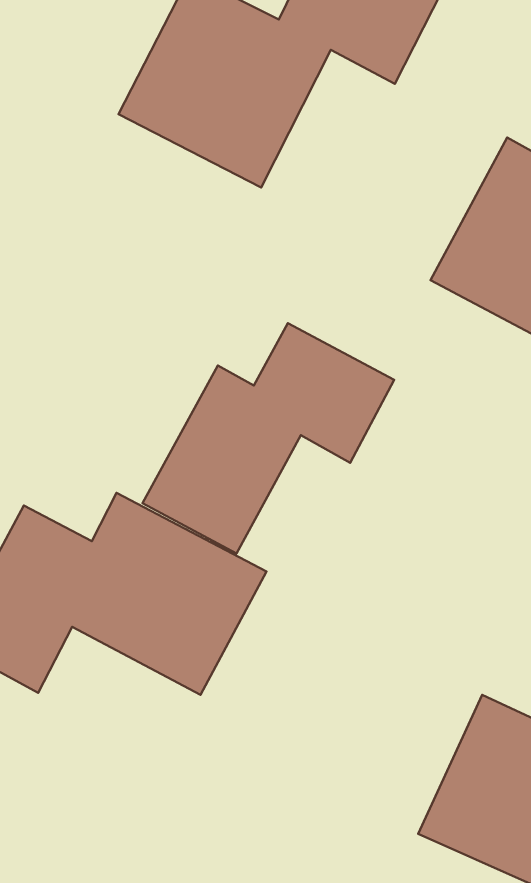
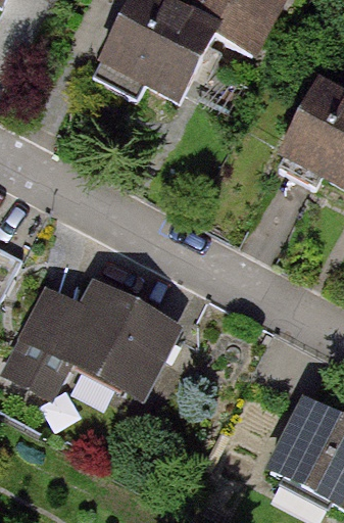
building: [143,323,394,554] -> none

